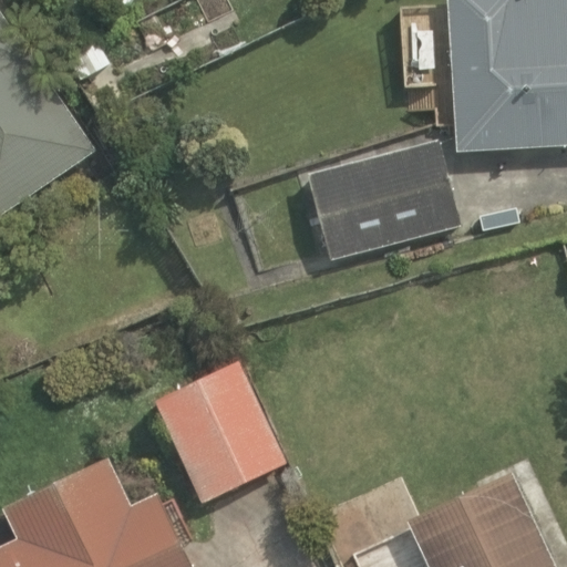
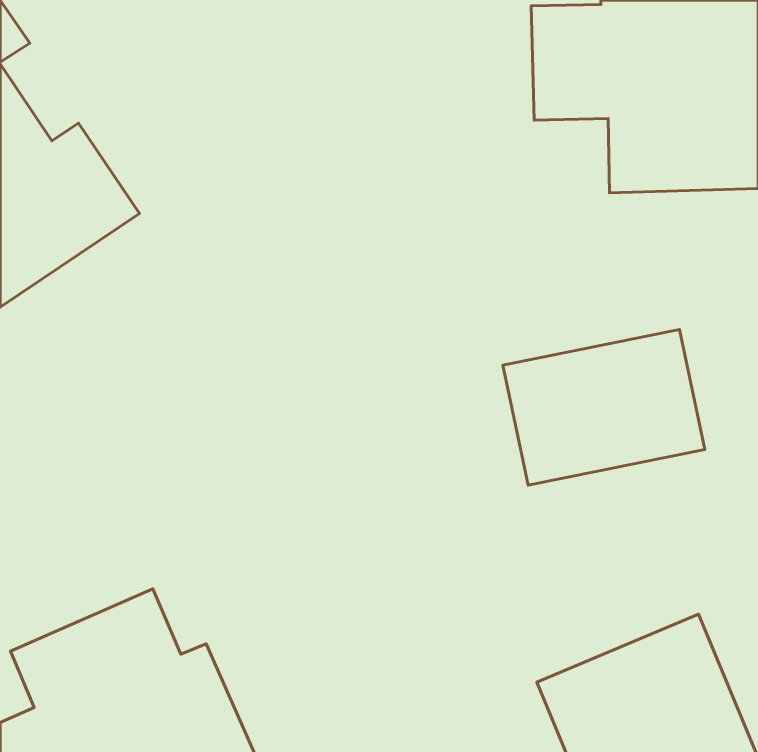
building: [307,144,457,260] -> [503,329,705,485]
building: [153,357,290,503] -> none

